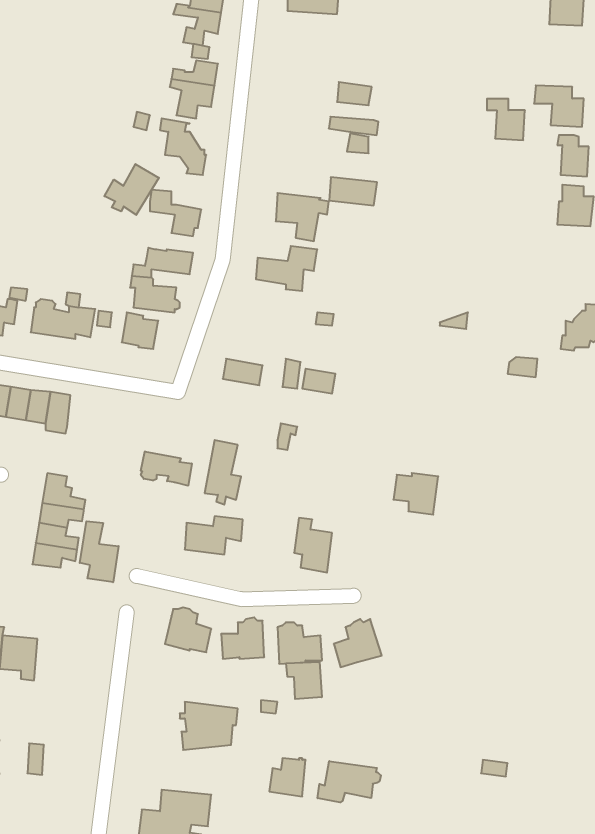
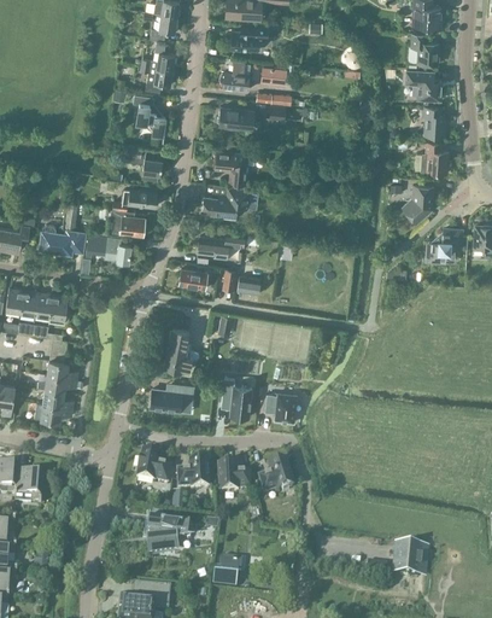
building: none -> [232,23,268,51]
building: none -> [219,63,251,89]
building: [487,99,525,140] -> [411,34,439,64]
building: [104,164,159,215] -> none
building: [329,177,377,205] -> [219,107,254,128]
building: none -> [402,185,433,222]
building: none -> [198,232,244,258]
building: [141,451,192,486] -> none
building: [393,473,438,515] -> [264,392,297,422]
building: [80,521,119,582] -> none
building: [286,662,322,699] -> none
building: none -> [396,544,426,577]
building: [318,761,381,802] -> none

